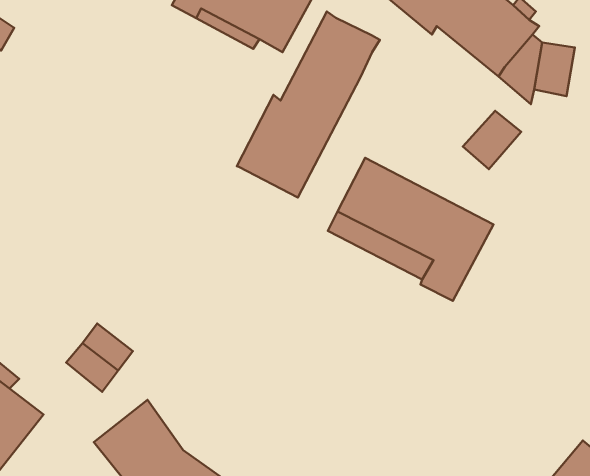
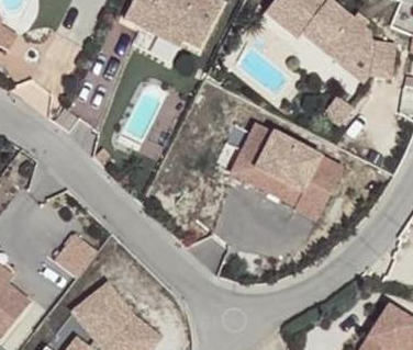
building: [237,11,380,197] -> none

